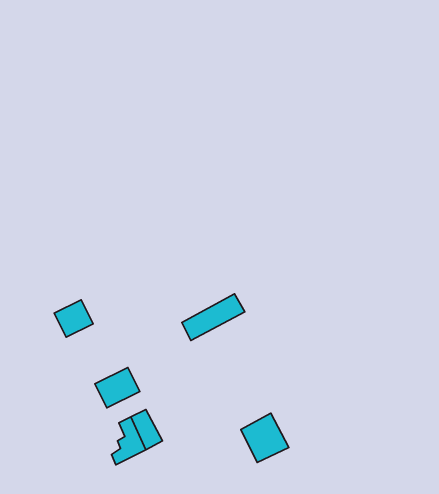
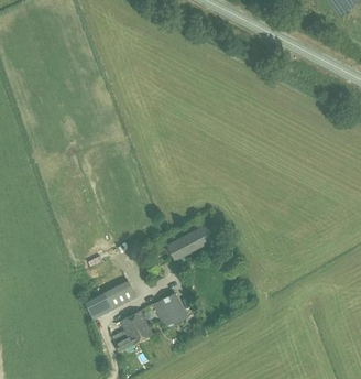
building: [54,300,93,337] -> [83,292,111,320]
building: [241,413,289,463] -> [152,292,187,328]

